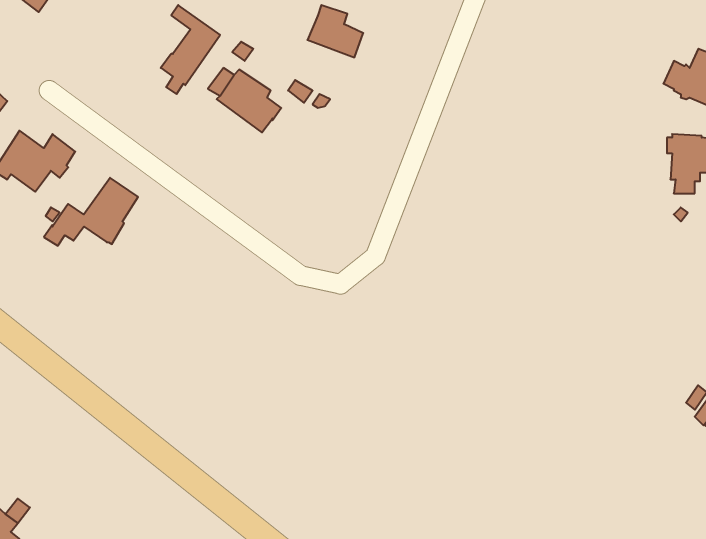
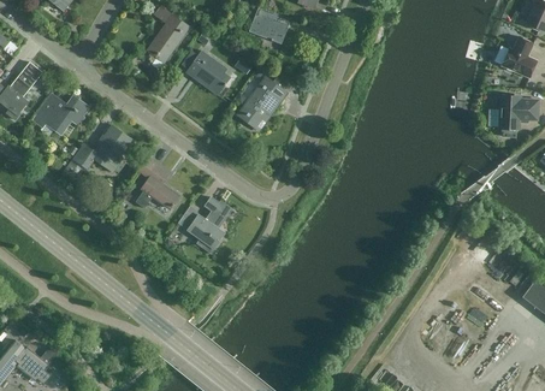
building: none -> [238,77,289,129]
building: none -> [136,160,179,209]
building: none -> [188,197,232,254]

